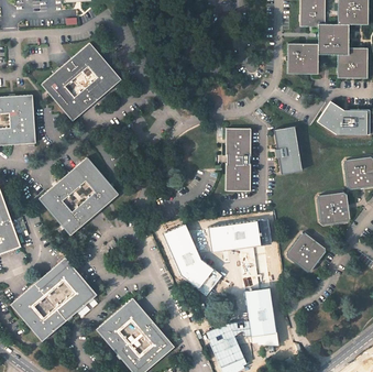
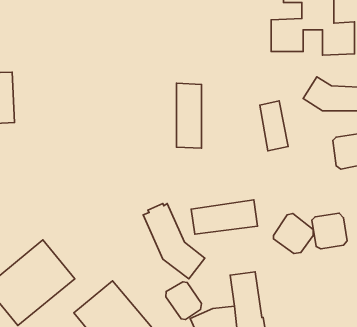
building: [44,42,123,121] -> none
building: [227,128,251,190] -> [176,83,202,148]
building: [39,157,118,234] -> none
building: [317,190,351,225] -> [312,213,347,249]
building: none -> [166,282,202,320]

